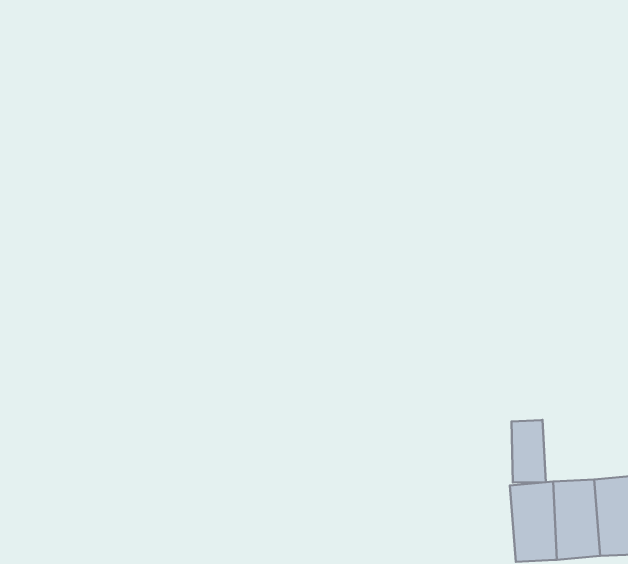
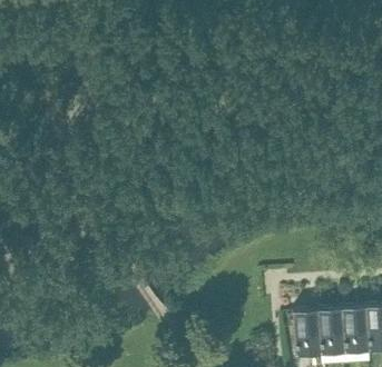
building: [511,420,546,482] -> none

